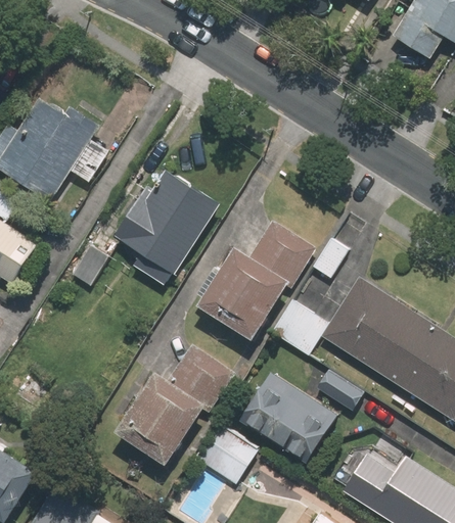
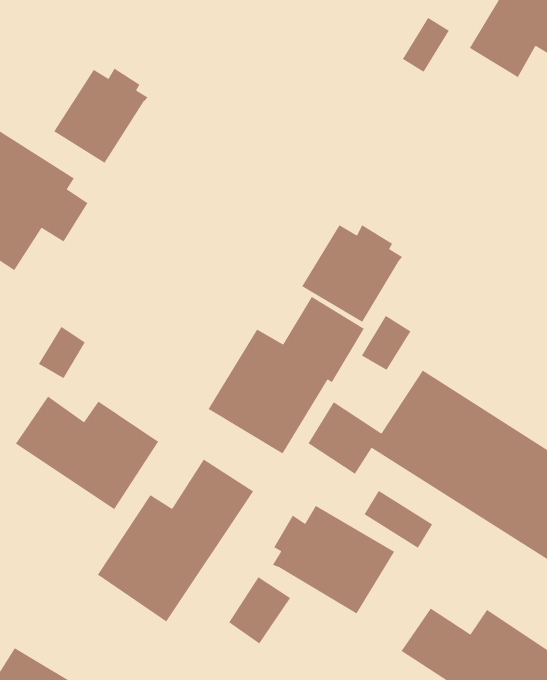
building: none -> [53,67,148,164]
building: [112,168,220,286] -> none
building: none -> [301,224,403,323]
building: none -> [15,396,159,510]

